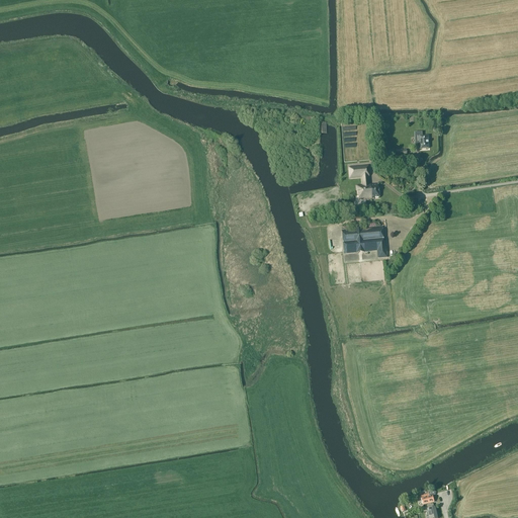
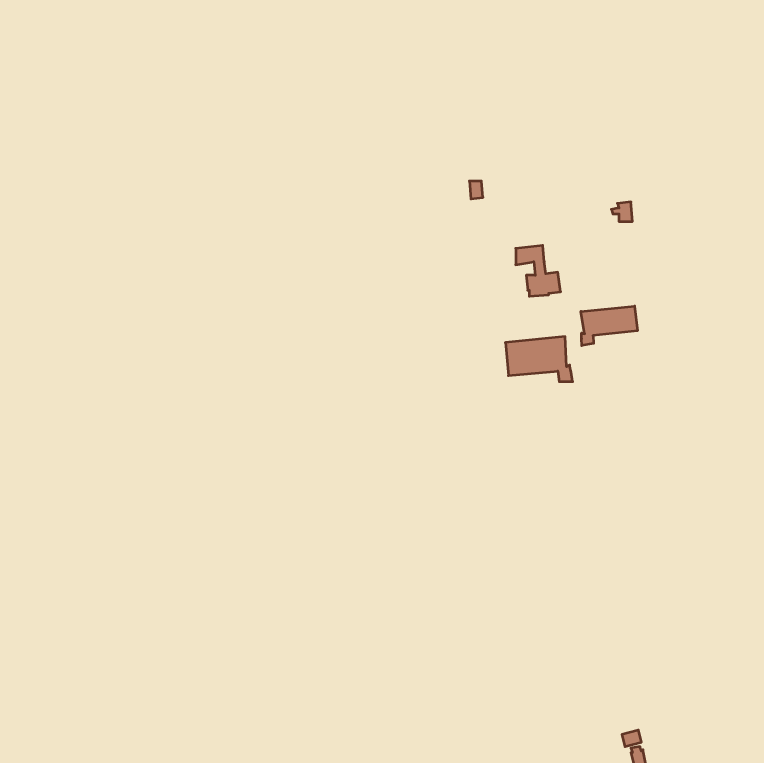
building: none -> [581,306,637,346]

